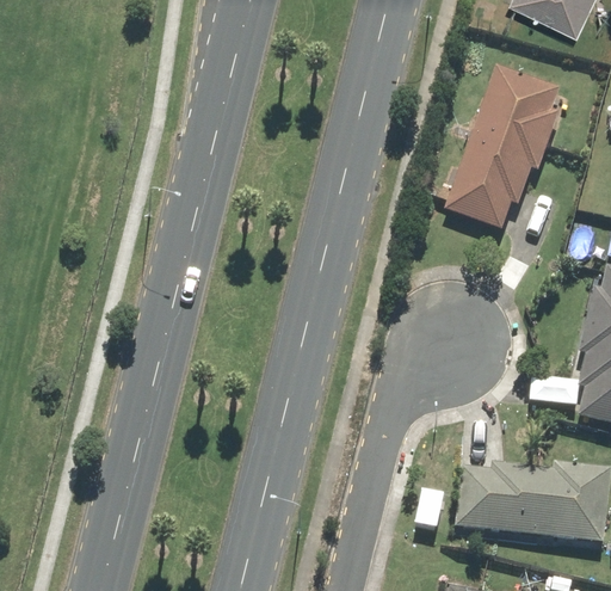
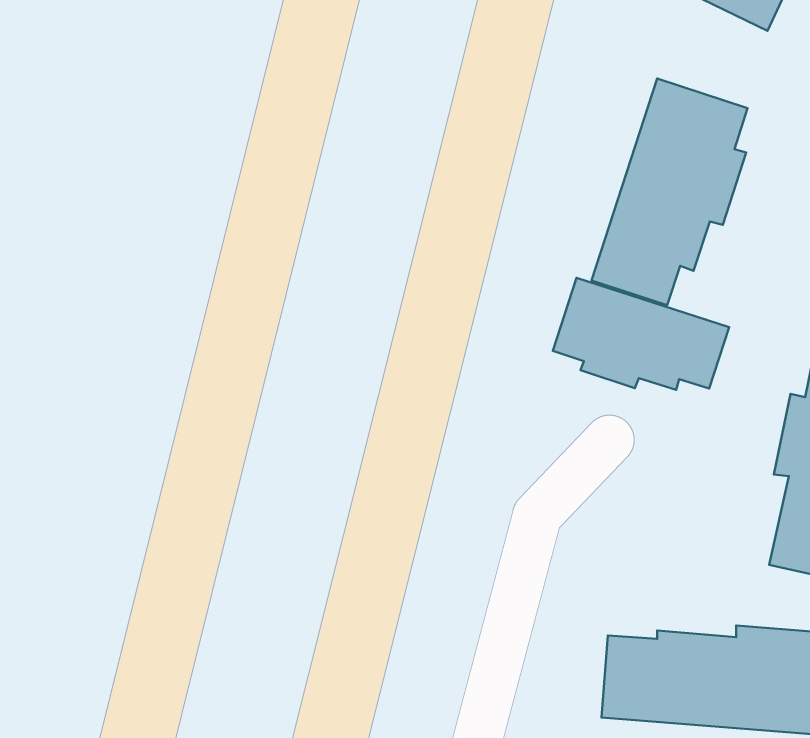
building: none -> [553,278,729,390]

